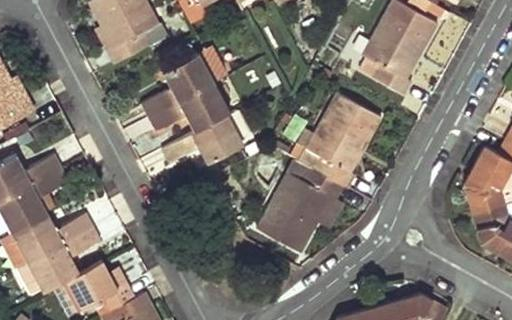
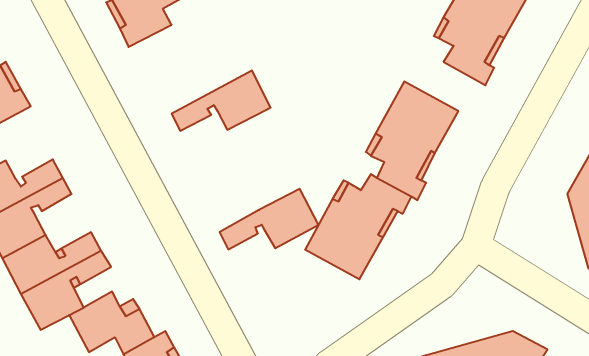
building: [140,54,213,118] -> none
building: [161,114,241,163] -> [220,189,319,249]

